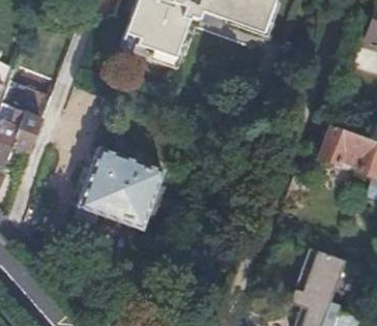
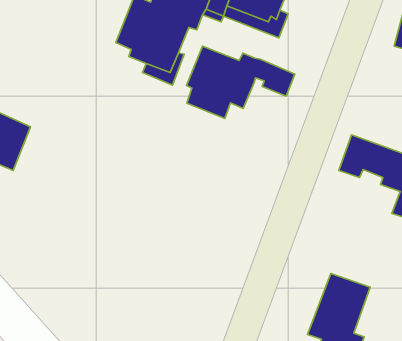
building: none -> [187,46,295,119]
building: [64,144,162,235] -> none

